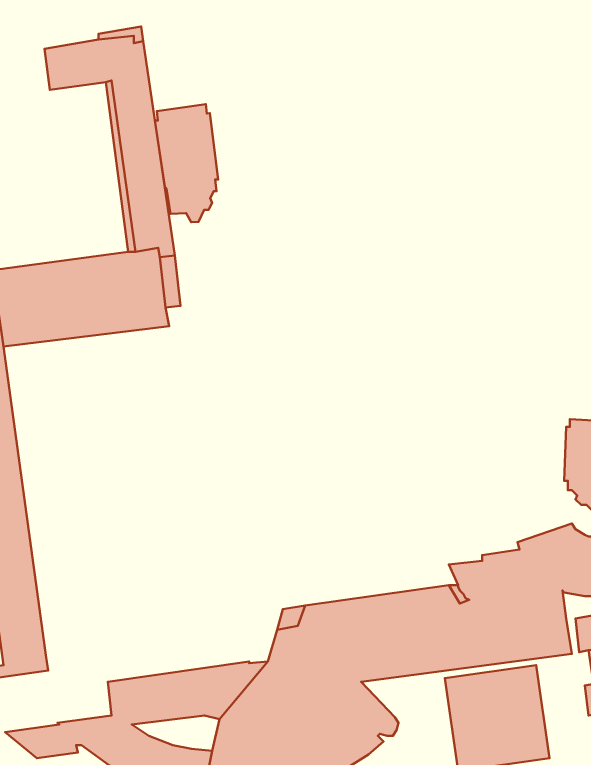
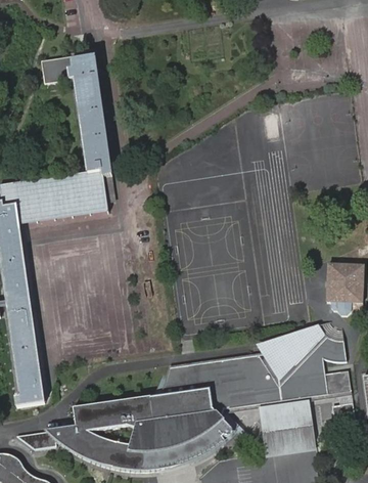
building: [155,104,218,222] -> none

